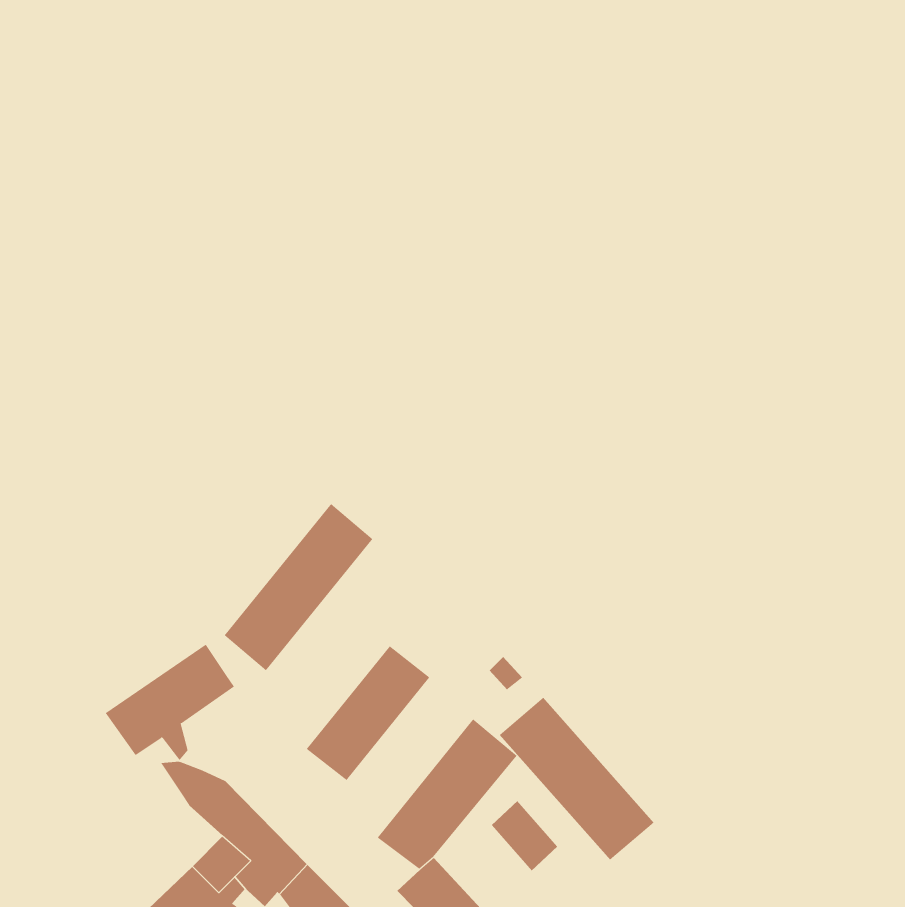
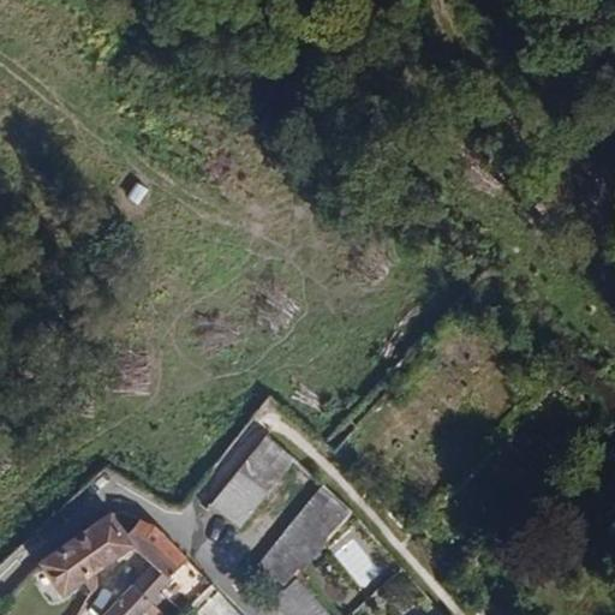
building: [224,503,373,671] -> none
building: [105,644,235,761] -> [40,517,127,596]
building: [499,697,655,861] -> none

